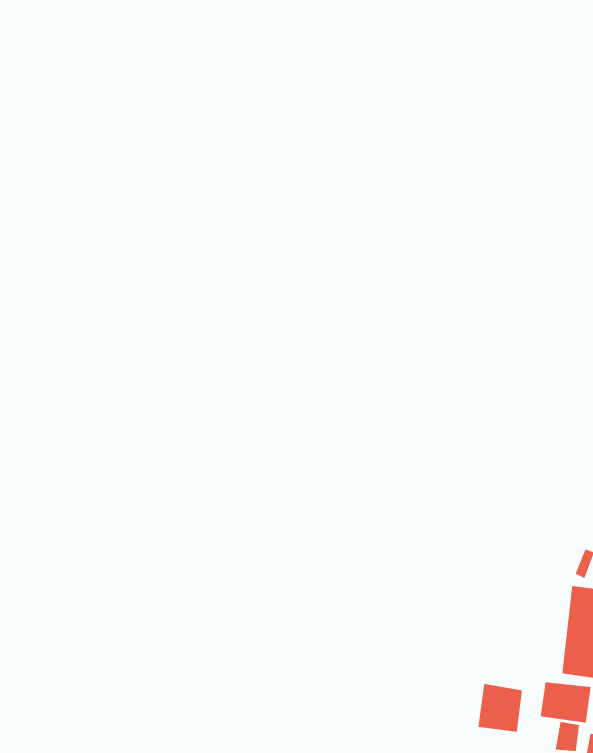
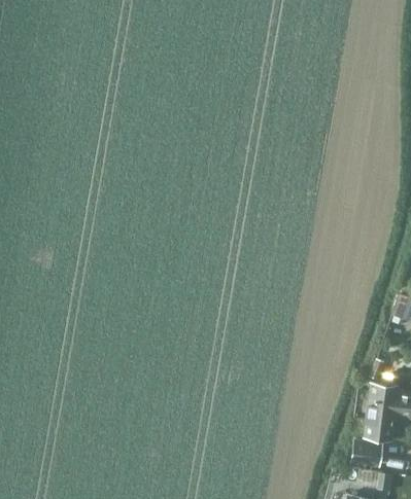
building: [478,683,523,732] -> none

